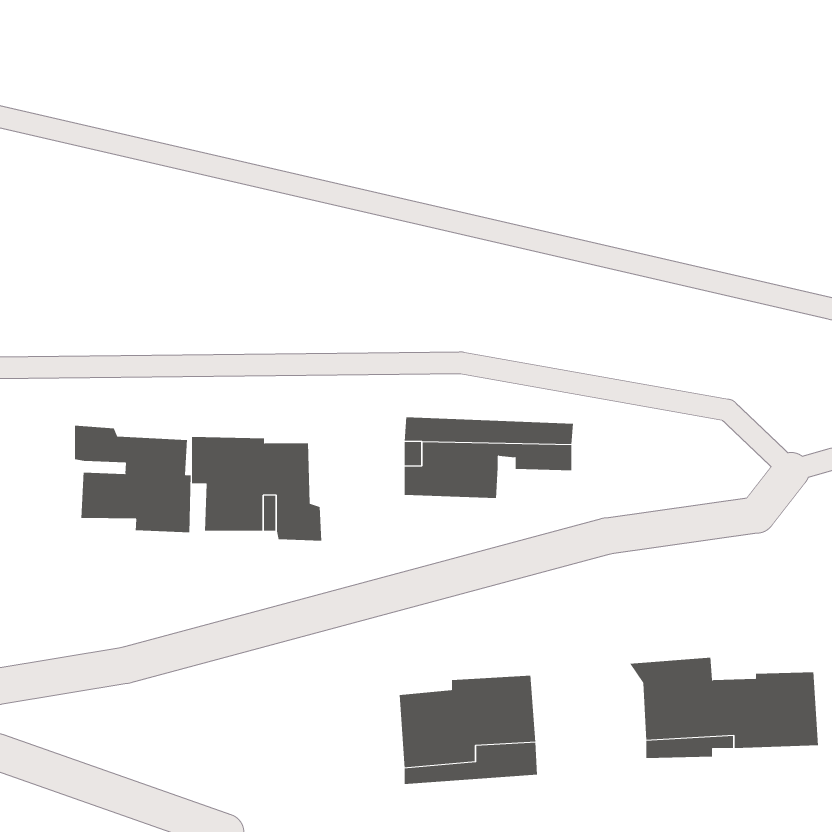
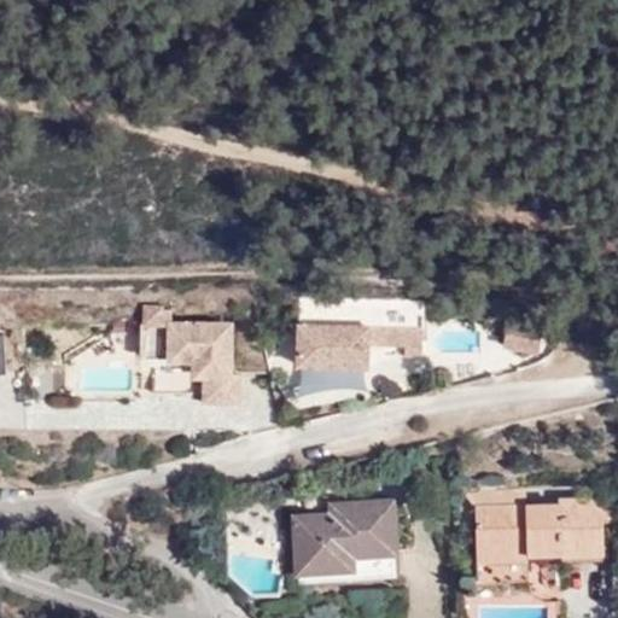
building: [74,425,191,533] -> none

